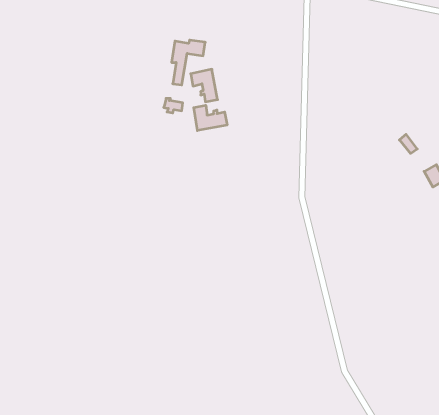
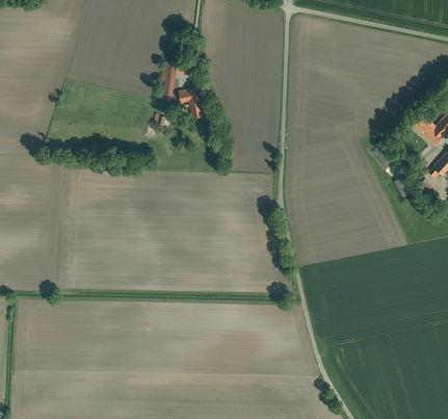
building: [194,105,227,131] -> none

